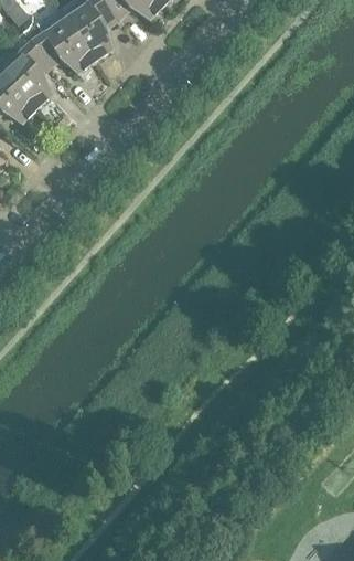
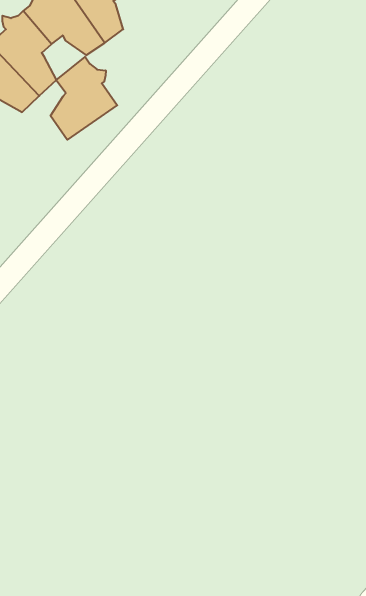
building: none -> [51,57,117,140]

